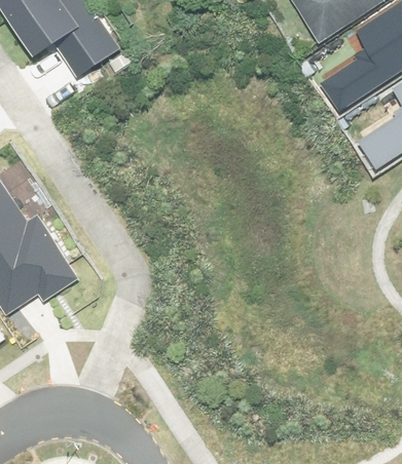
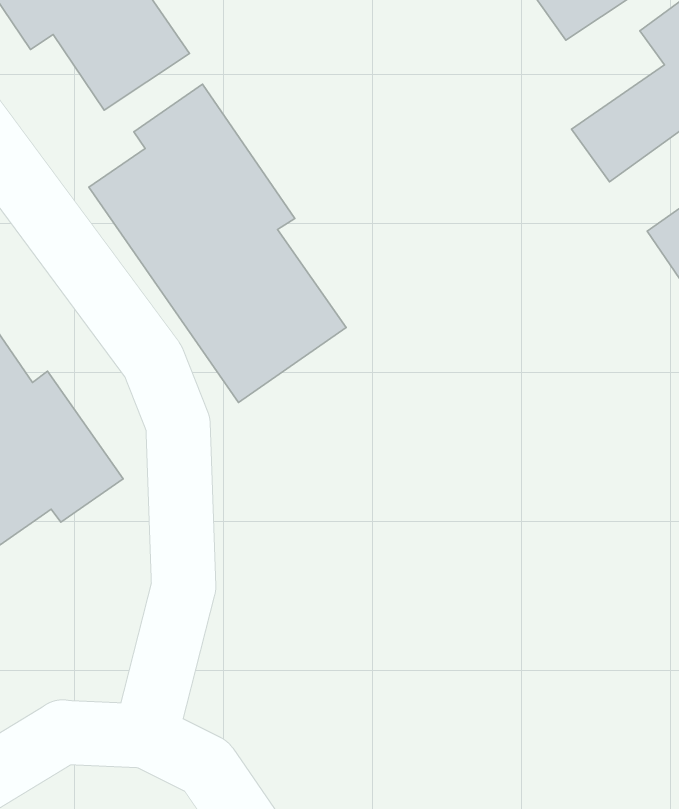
building: none -> [89,84,346,402]

